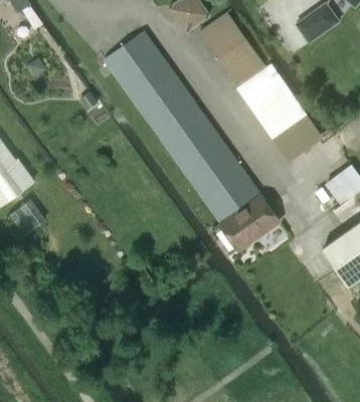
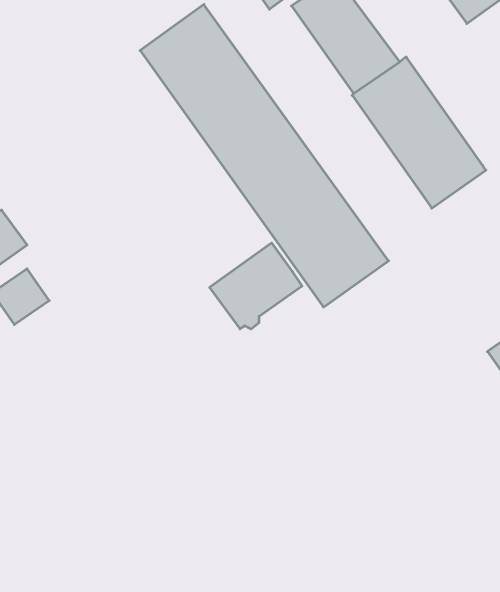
building: [222,195,281,249] -> [210,243,302,329]

